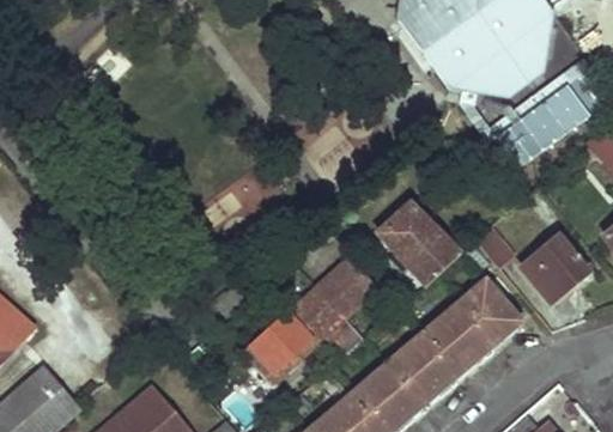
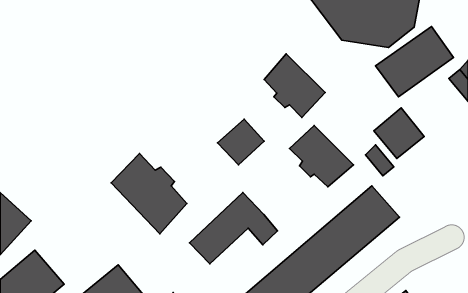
building: none -> [264,54,325,117]
building: none -> [111,154,187,234]
building: [524,238,590,304] -> [374,108,424,158]
building: [317,257,378,317] -> [217,119,264,165]

